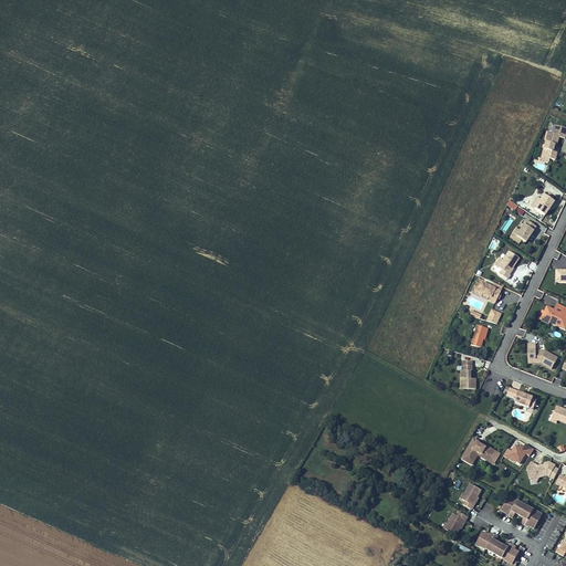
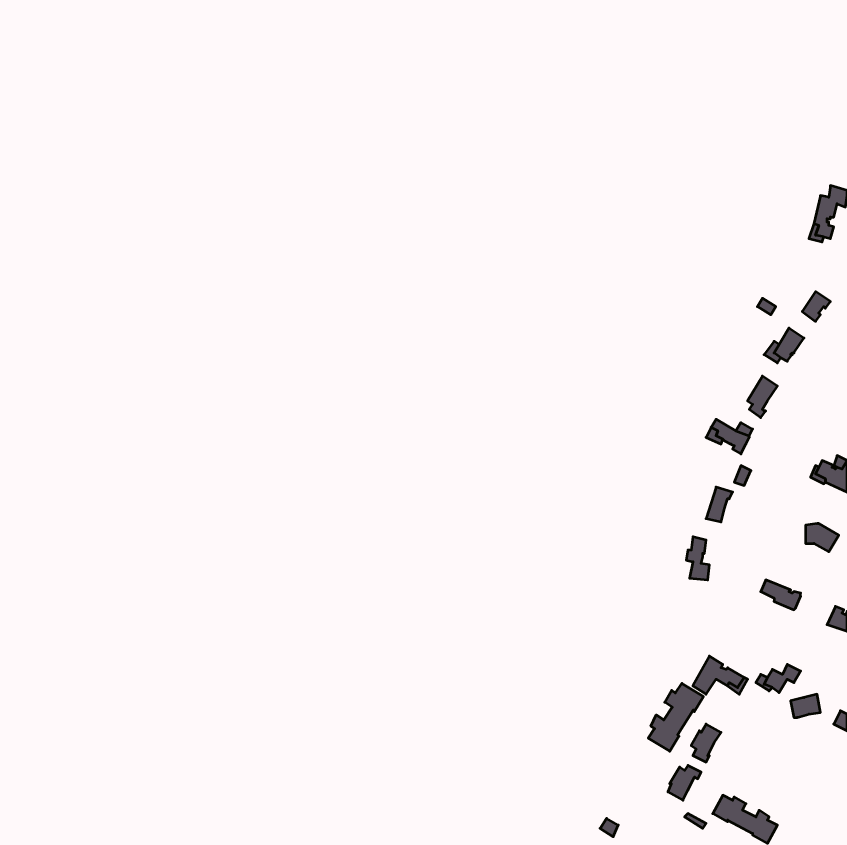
building: none -> [648,683,703,751]
building: [502,494,543,526] -> none

